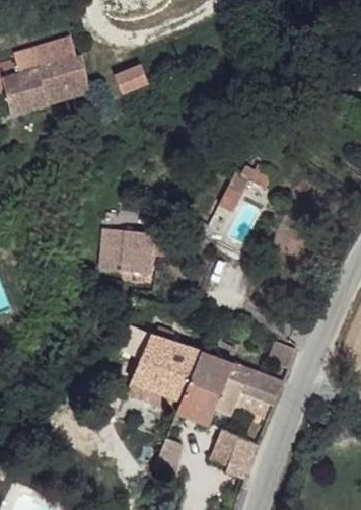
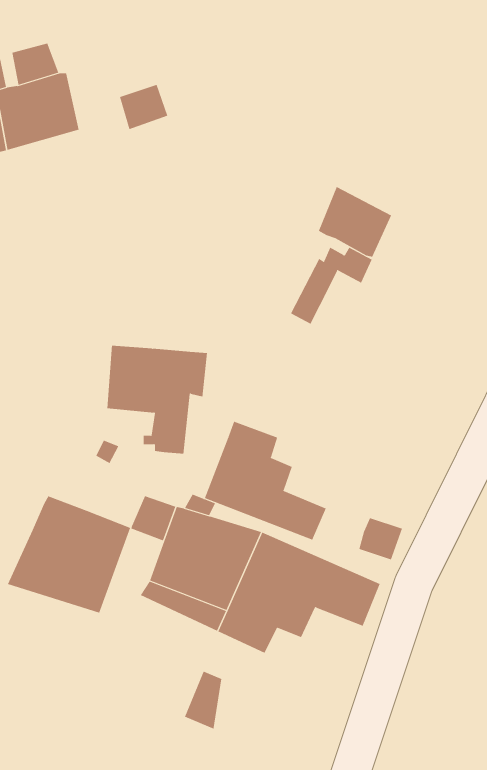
building: none -> [318,186,392,258]
building: none -> [204,421,326,541]
building: none -> [7,495,131,613]
building: [208,429,258,483] -> none

